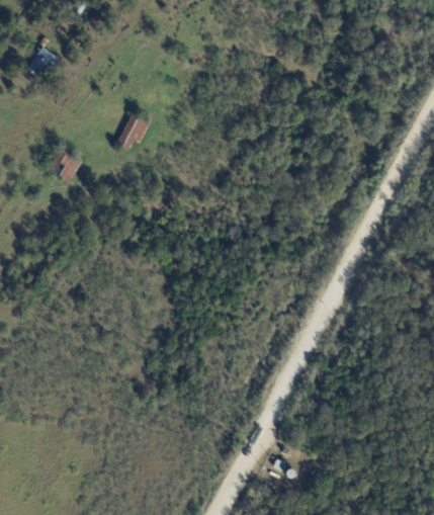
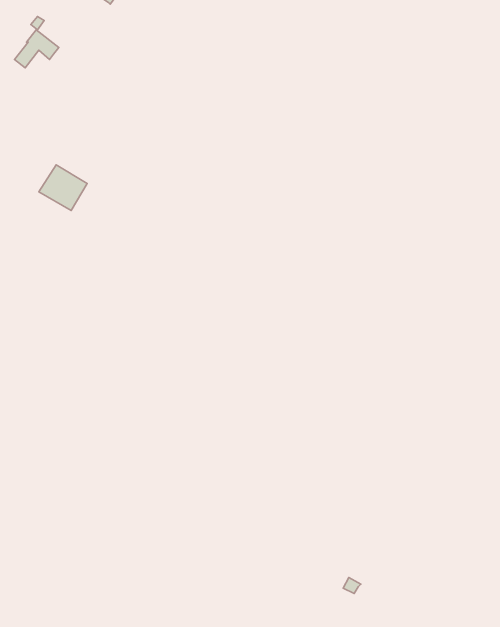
building: [116,112,150,151] -> none

